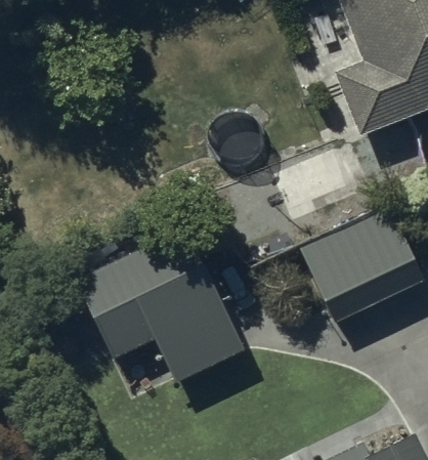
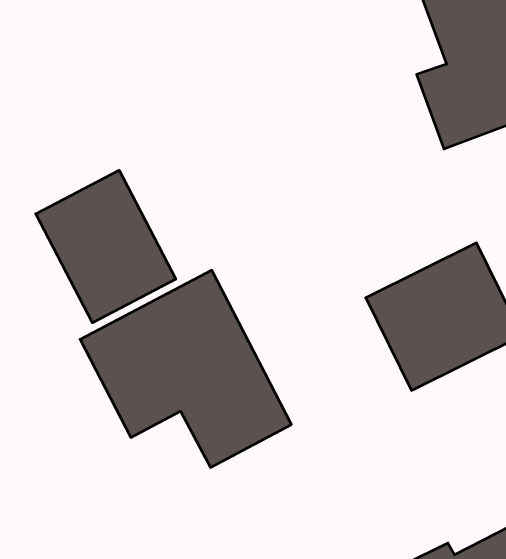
building: none -> [36,170,176,323]

